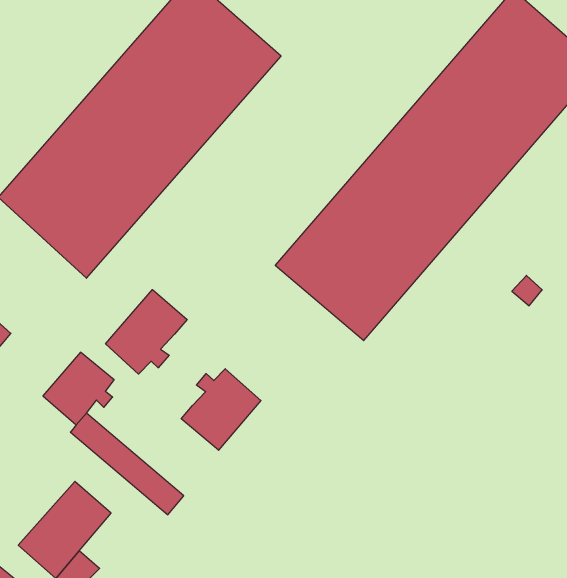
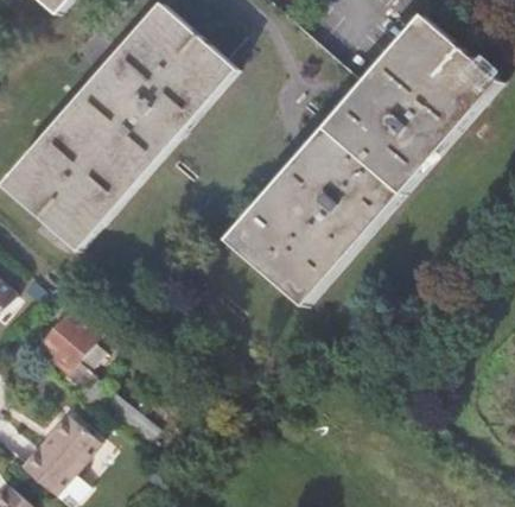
building: [106,290,187,374] -> none
building: [181,369,261,450] -> none

